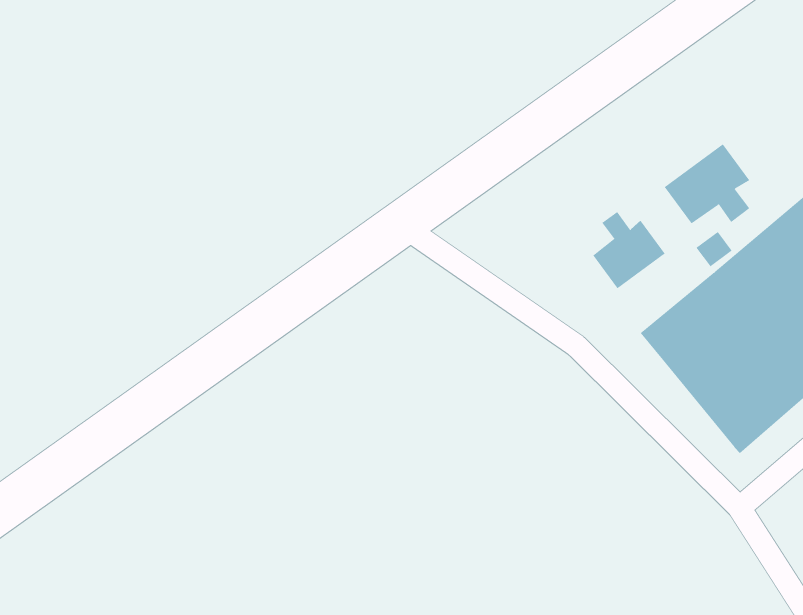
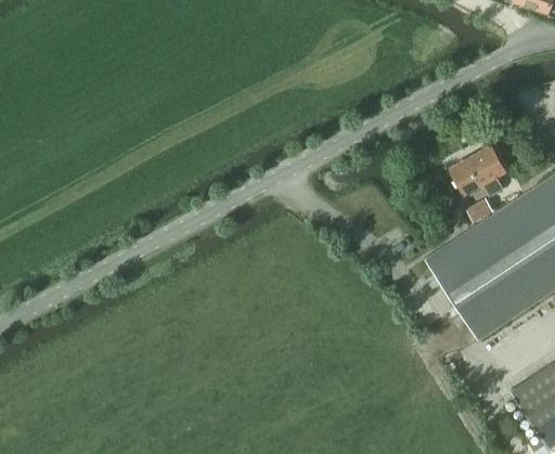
building: [593,211,665,289] -> none

